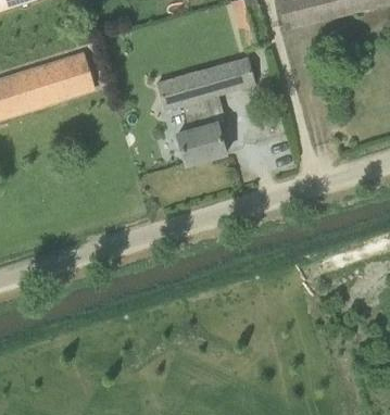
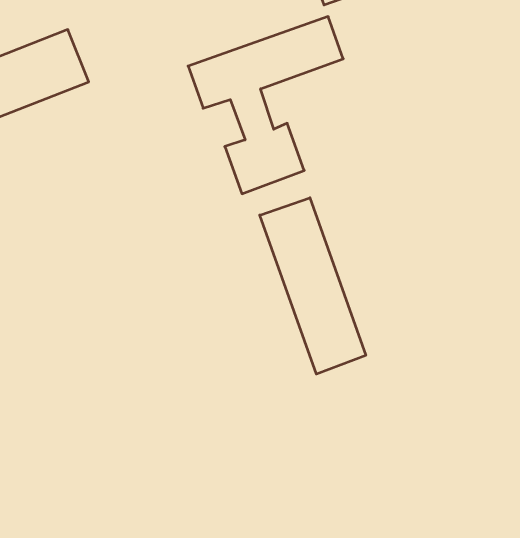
building: none -> [260,198,366,374]

